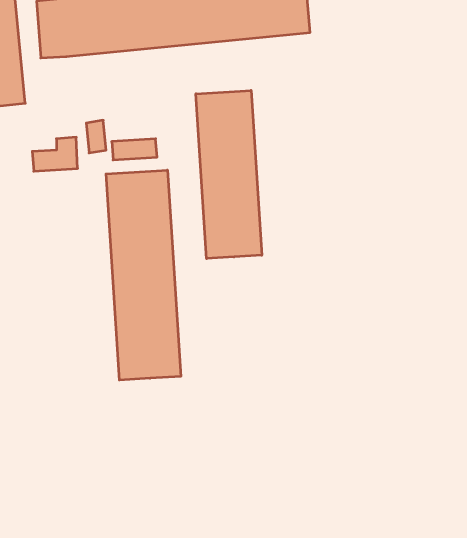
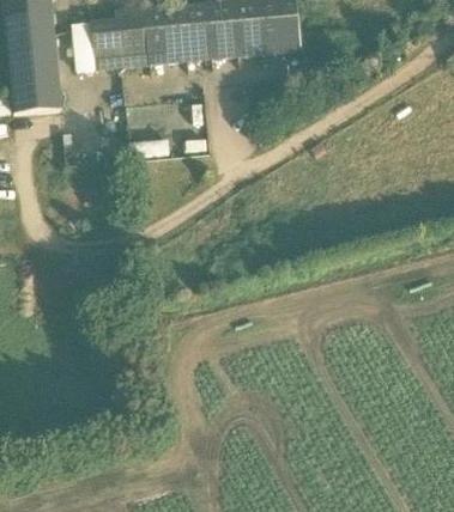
building: [196,90,262,259] -> none
building: [106,170,181,380] -> none

